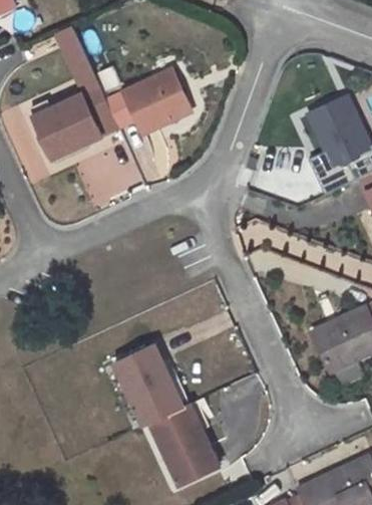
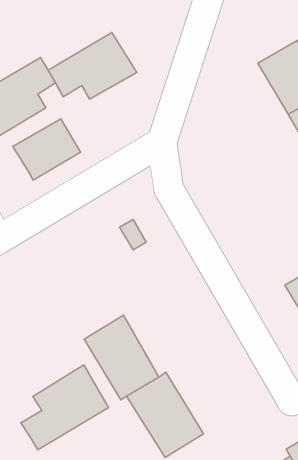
building: none -> [13,119,80,180]
building: none -> [21,365,108,450]

